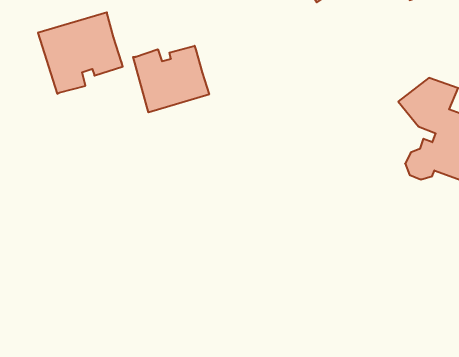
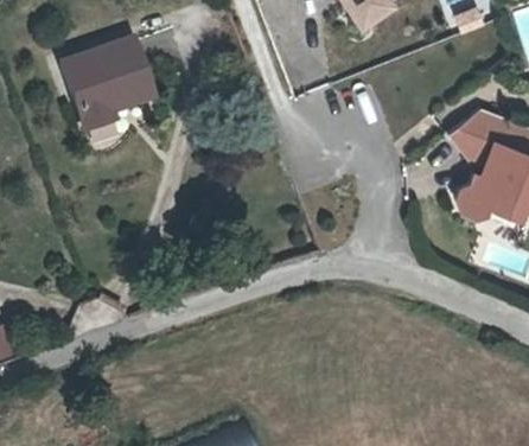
building: [133,46,209,112] -> none

